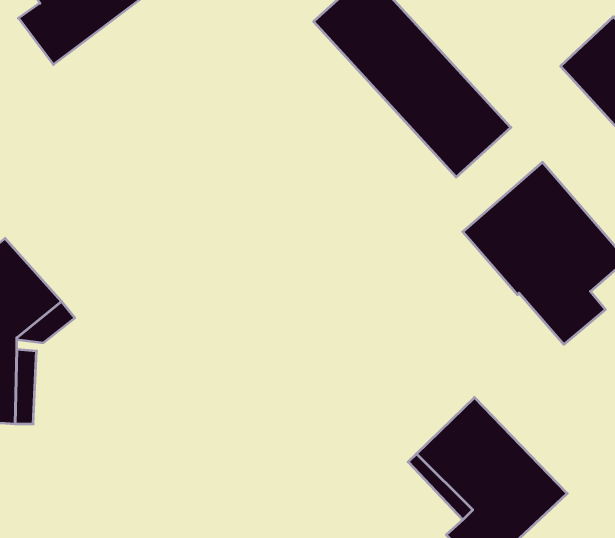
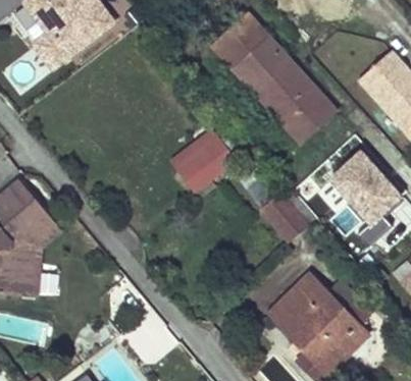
building: none -> [176,139,234,189]
building: none -> [261,194,304,239]

